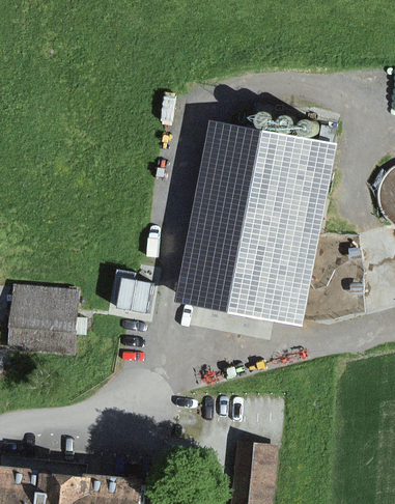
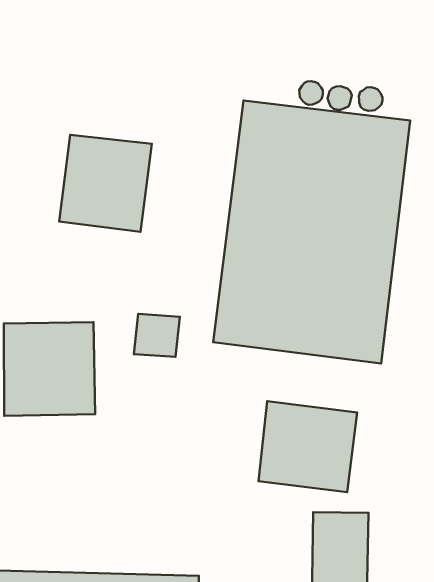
building: none -> [59,135,152,232]
building: none -> [258,401,357,492]

